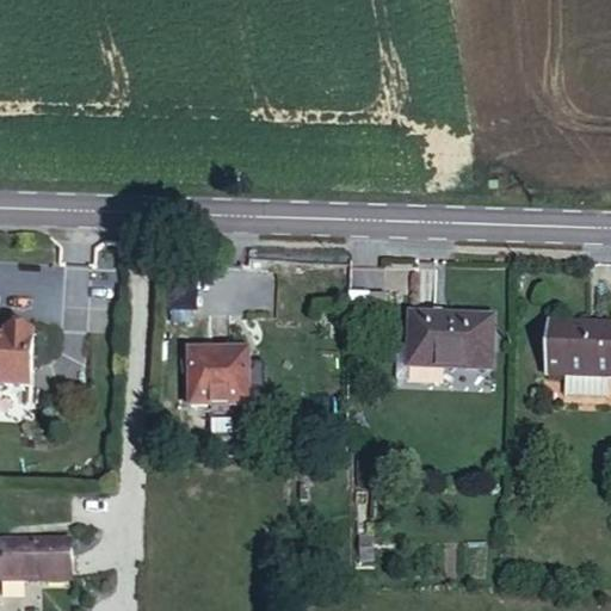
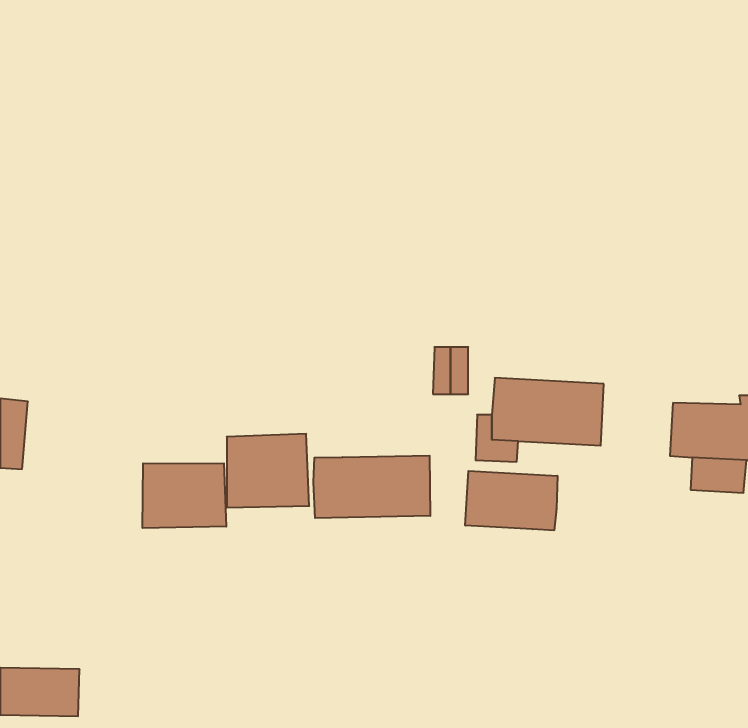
building: none -> [313,456,430,518]
building: none -> [143,463,226,528]
building: none -> [465,471,557,530]

